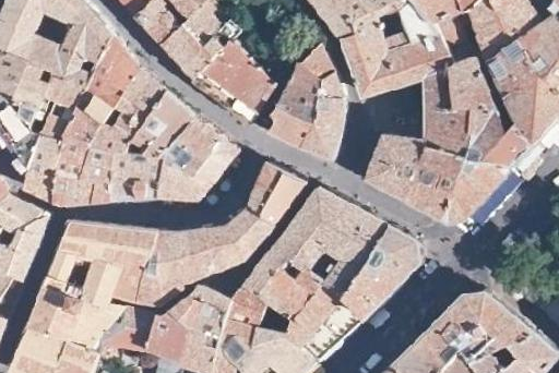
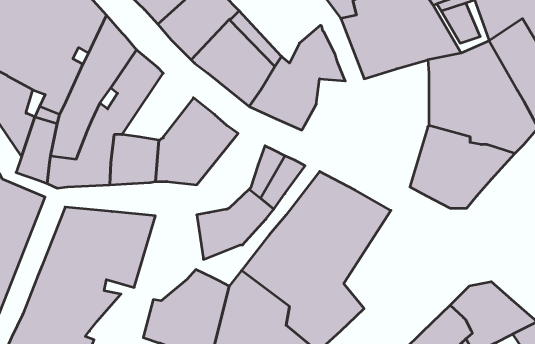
building: [131,91,194,156] -> none
building: [300,96,343,159] -> none
building: [365,134,425,202] -> none
building: [342,225,421,321] -> none
building: [136,229,204,303] -> none
building: [99,306,155,349] -> none

